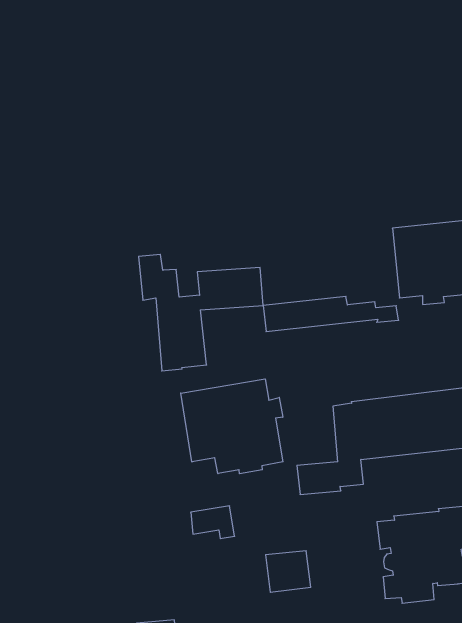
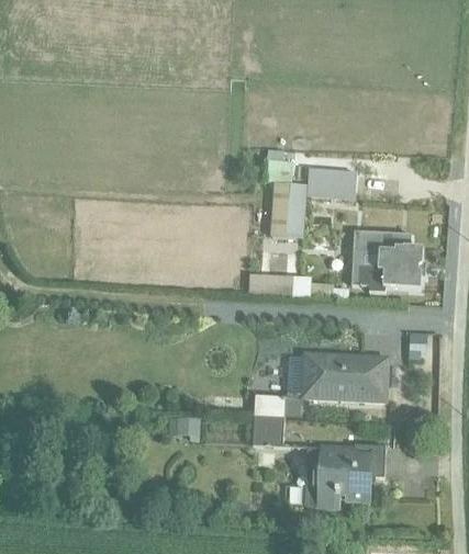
building: [139,254,263,371] -> [265,148,356,237]
building: [181,379,283,474] -> none
building: [266,551,311,592] -> [253,417,284,446]

